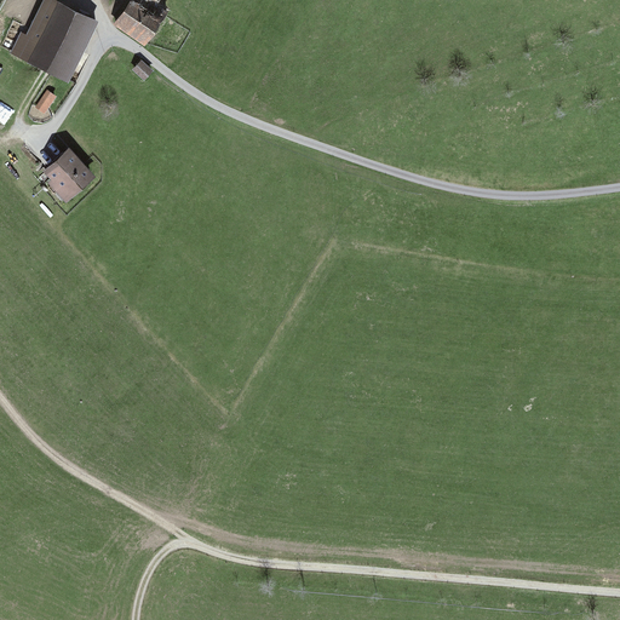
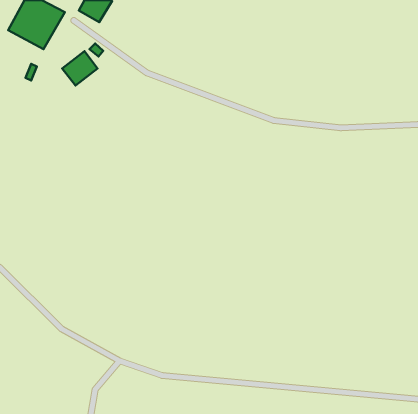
building: [40,148,92,199] -> [62,51,97,86]

